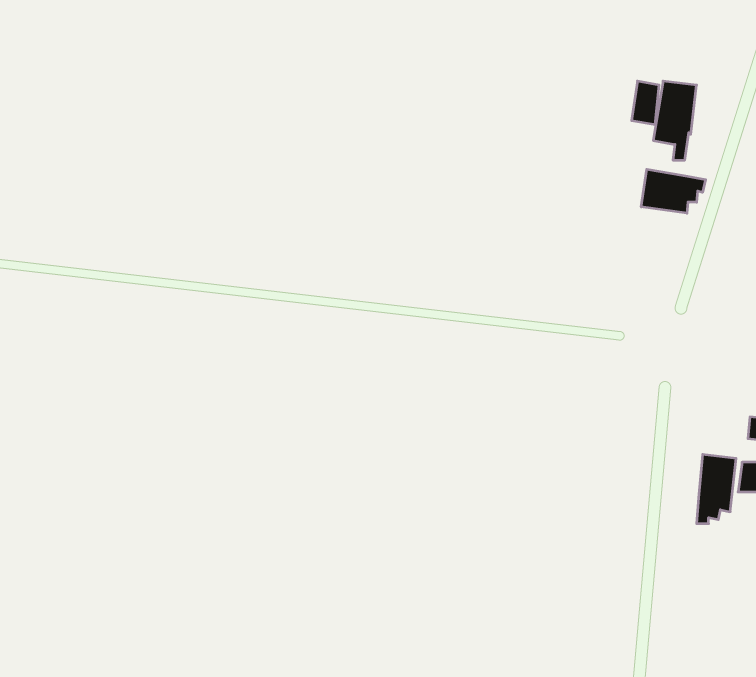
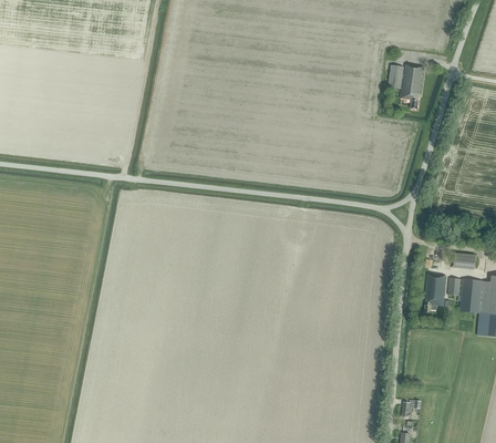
building: [641,169,706,213] -> none

